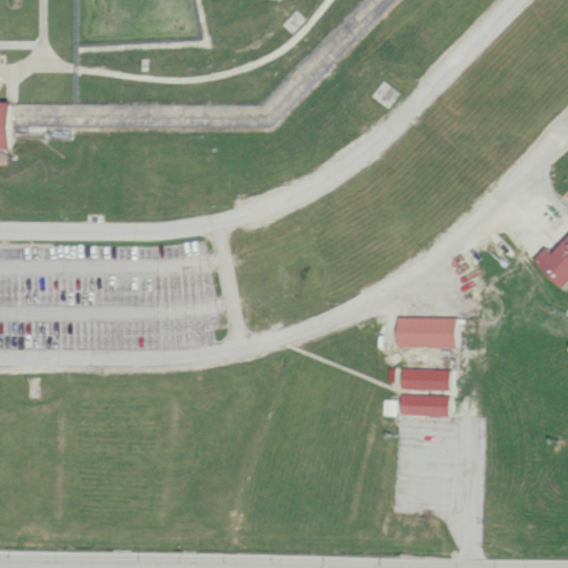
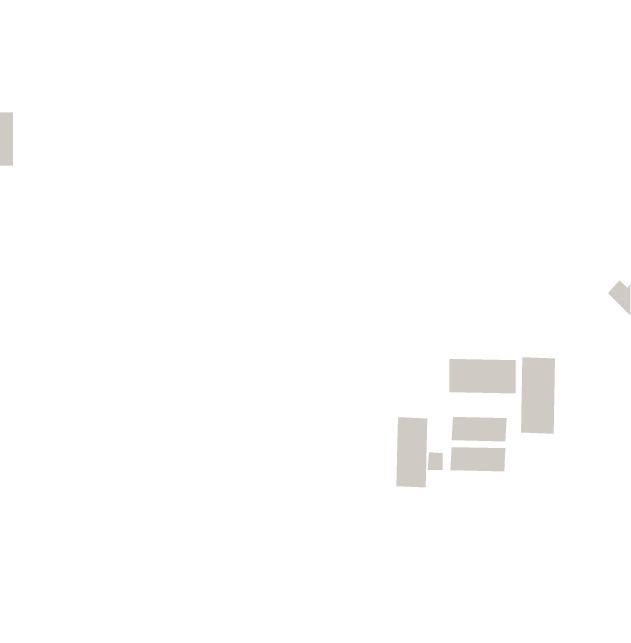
building: none -> [520,356,555,434]
building: none -> [396,416,428,488]

